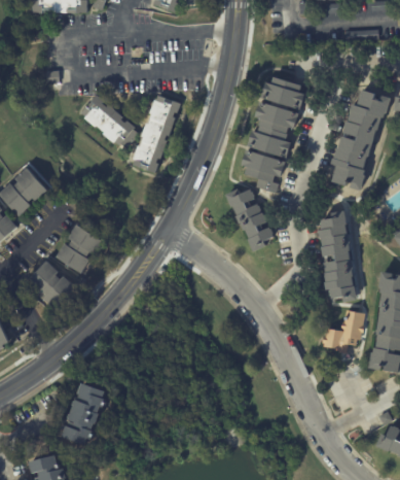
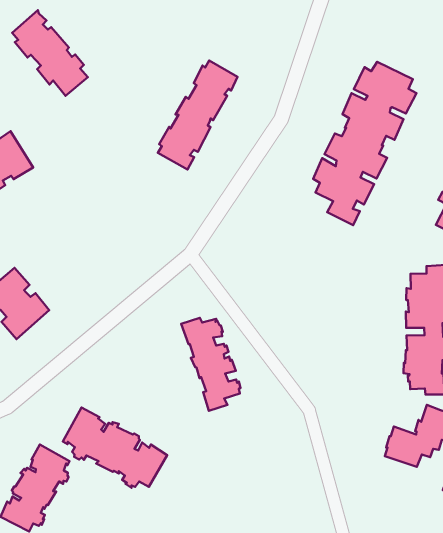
building: [80,93,138,149] -> [12,10,88,96]
building: [224,187,272,252] -> [181,318,241,411]
building: [54,224,102,273] -> none
building: none -> [63,407,167,488]

